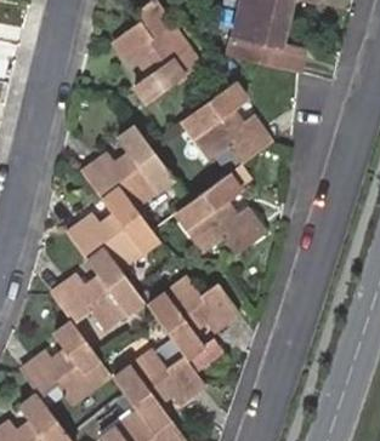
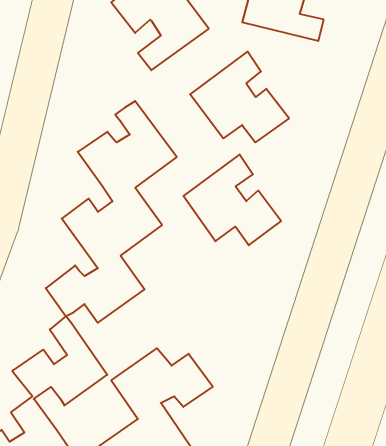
building: [147,276,238,357] -> none

